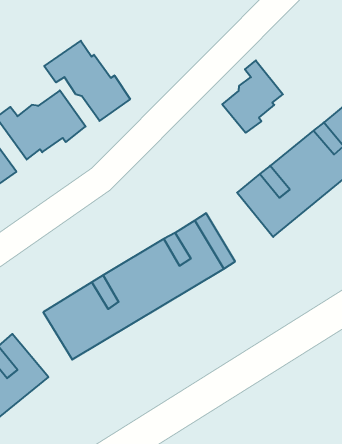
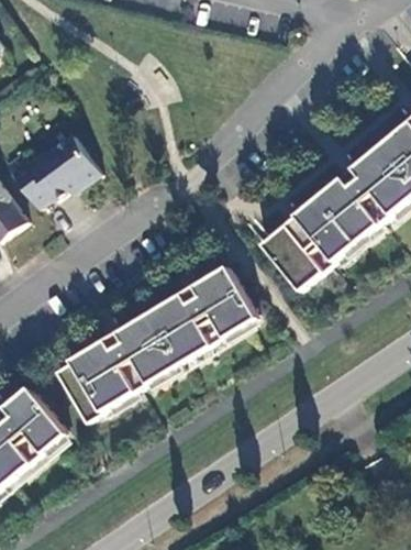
building: [44,41,130,121] -> none
building: [222,60,283,133] -> none

